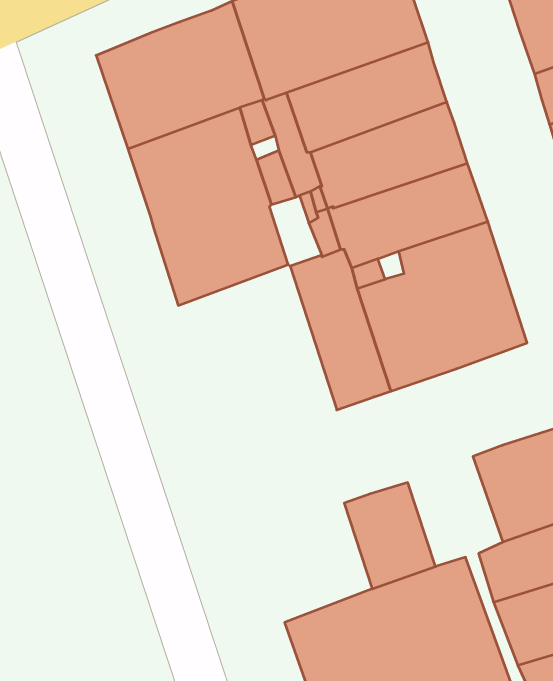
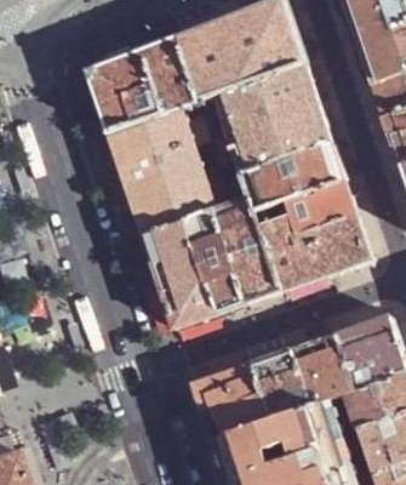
building: none -> [144,207,247,327]
building: none -> [293,332,355,404]
building: none -> [194,363,270,440]

